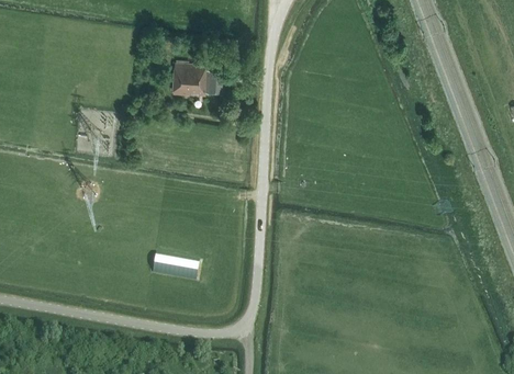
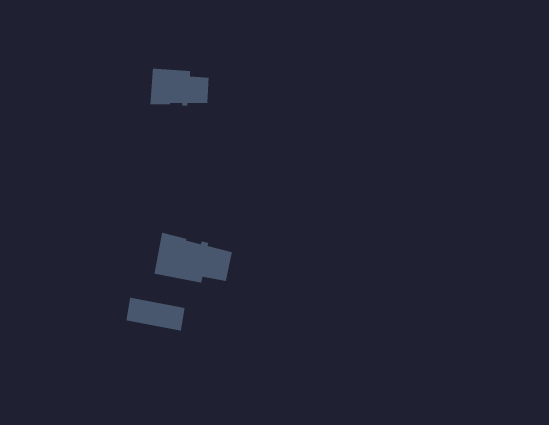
building: none -> [153,232,233,283]

